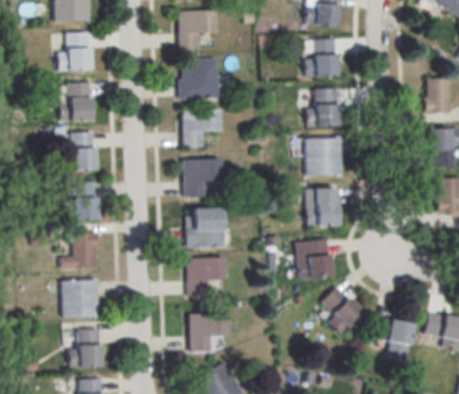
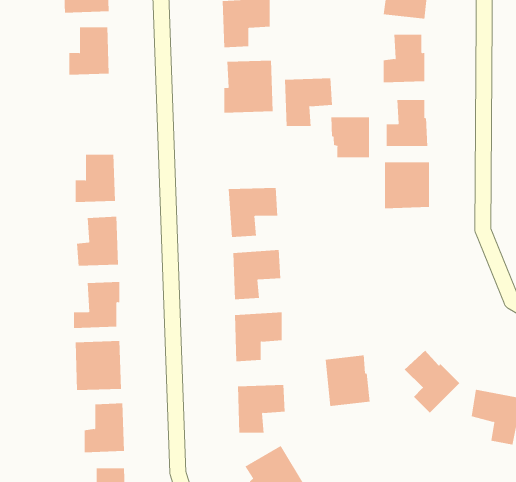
building: [54,82,92,121] -> none
building: none -> [331,116,369,158]
building: [184,110,222,148] -> [284,78,333,126]
building: [306,188,340,226] -> none
building: [297,238,333,279] -> [325,355,370,406]

